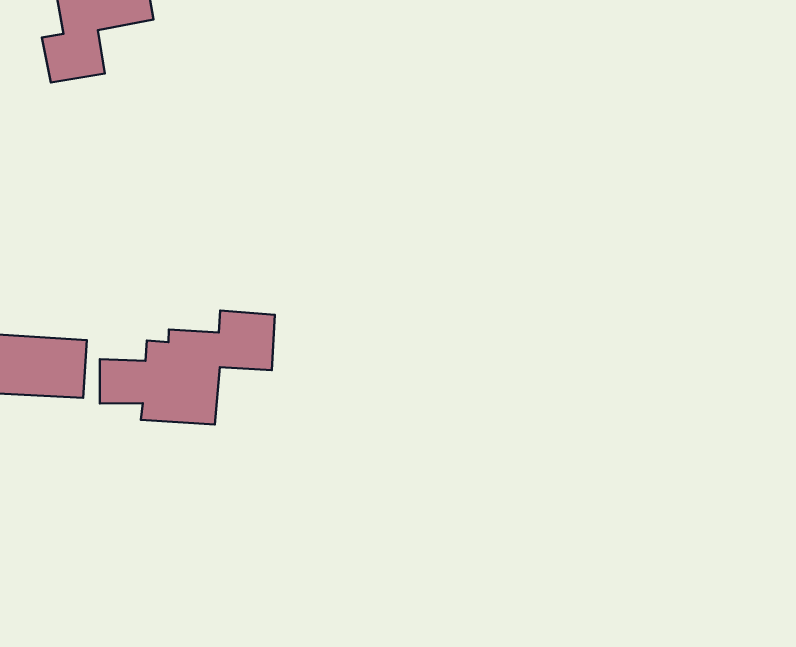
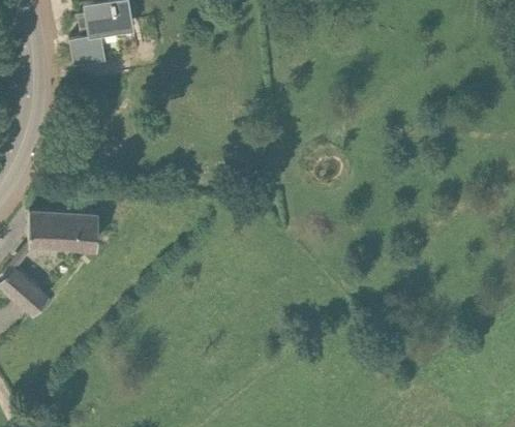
building: [100,310,275,425] -> none

